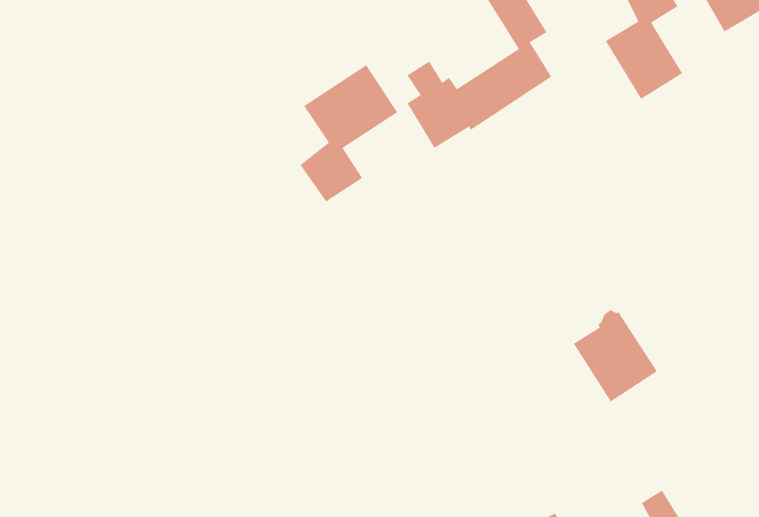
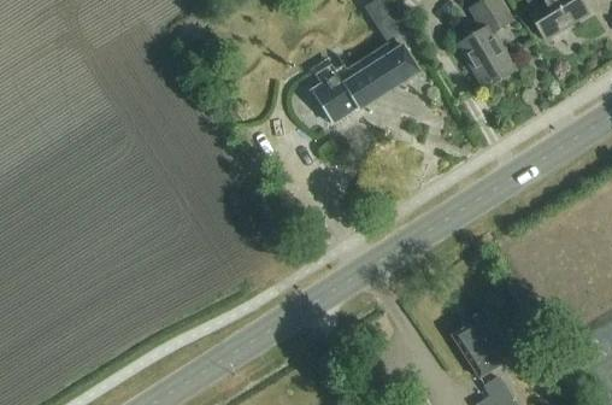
building: [300,64,398,203] -> none
building: [573,309,658,402] -> [453,307,516,376]

